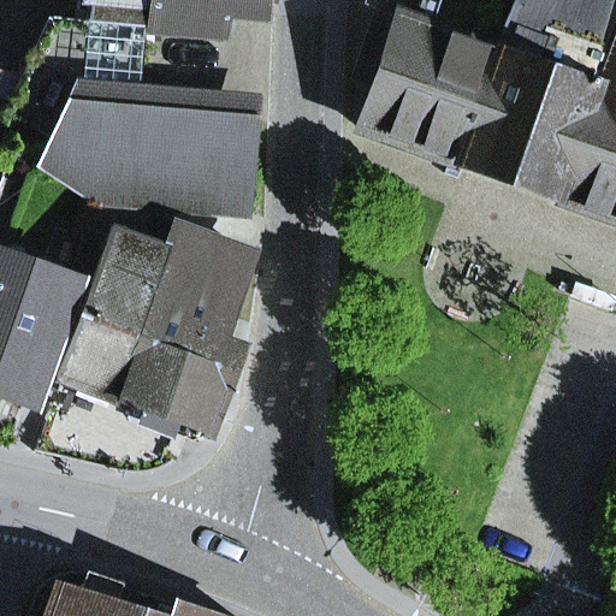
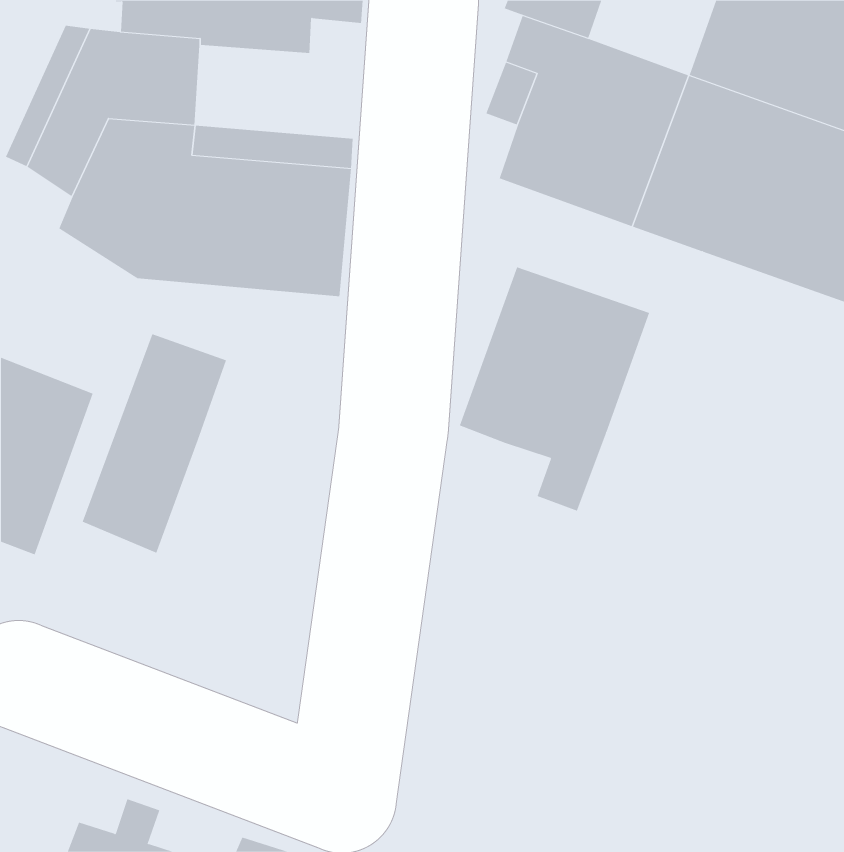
building: none -> [459,266,650,512]
building: [119,230,255,436] -> none

